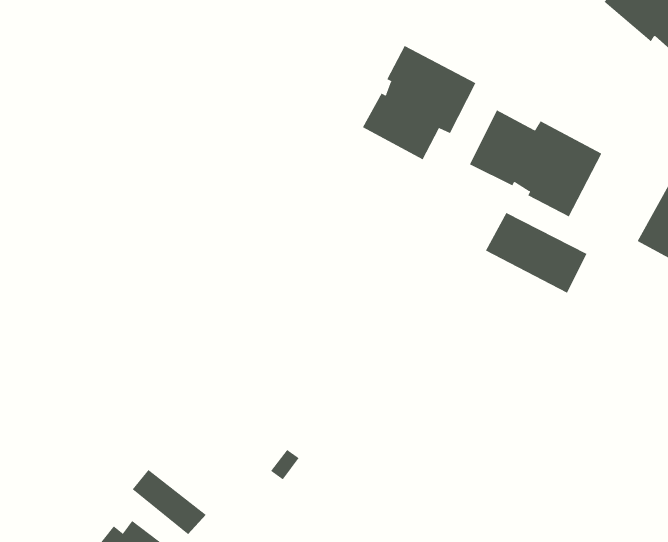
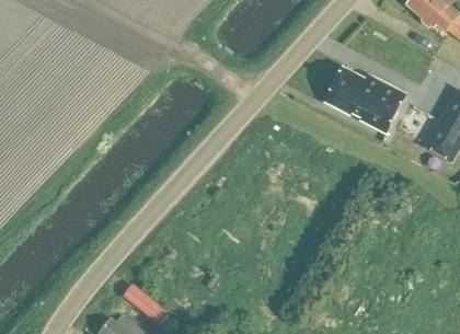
building: [362,45,476,160] -> none
building: [485,212,587,294] -> none

